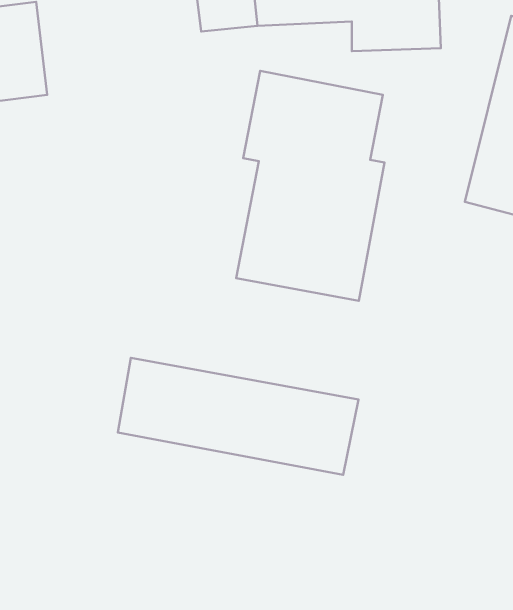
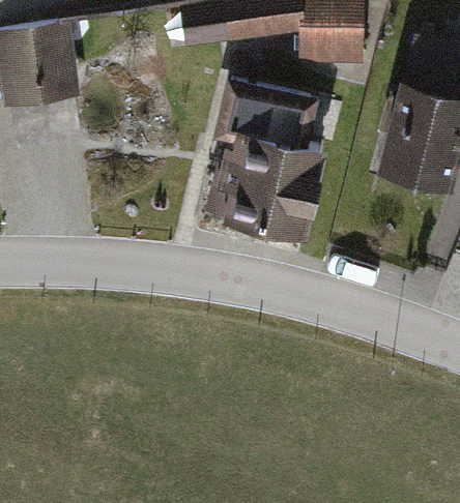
building: [118,358,358,475] -> none

